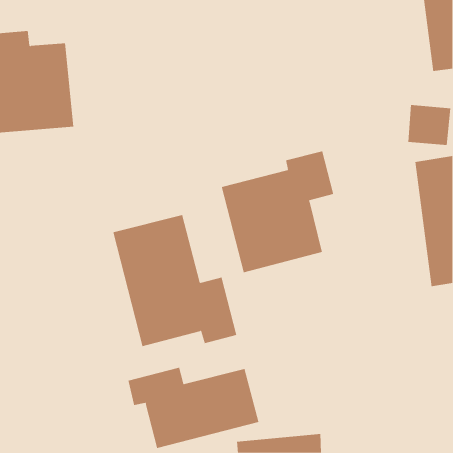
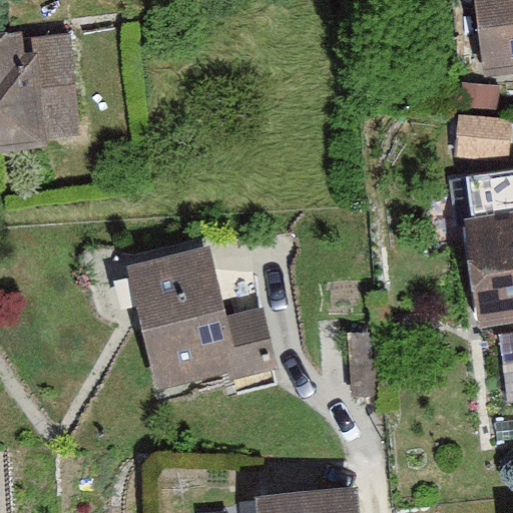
building: [221,151,334,273] -> none
building: [128,367,259,449] -> none

